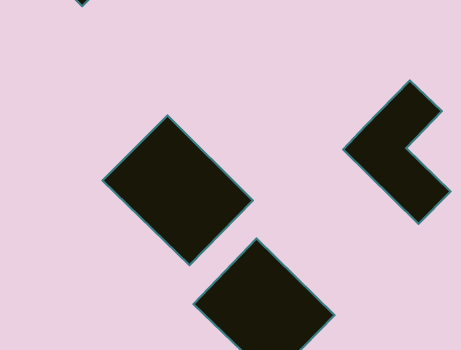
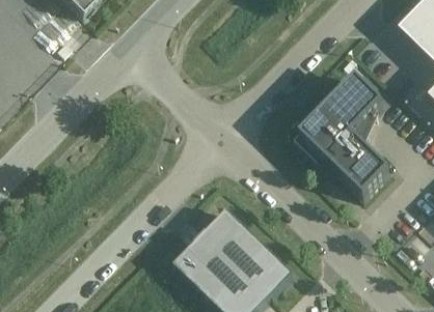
building: [103,116,253,265] -> none

